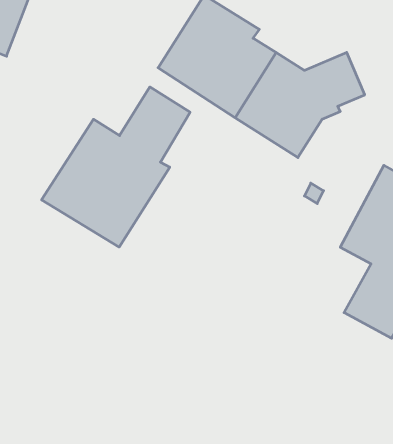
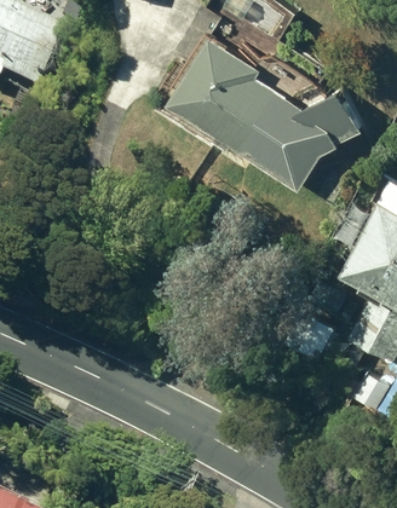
building: [42,87,190,247] -> none

